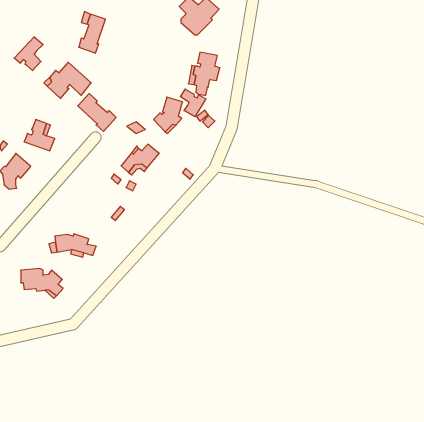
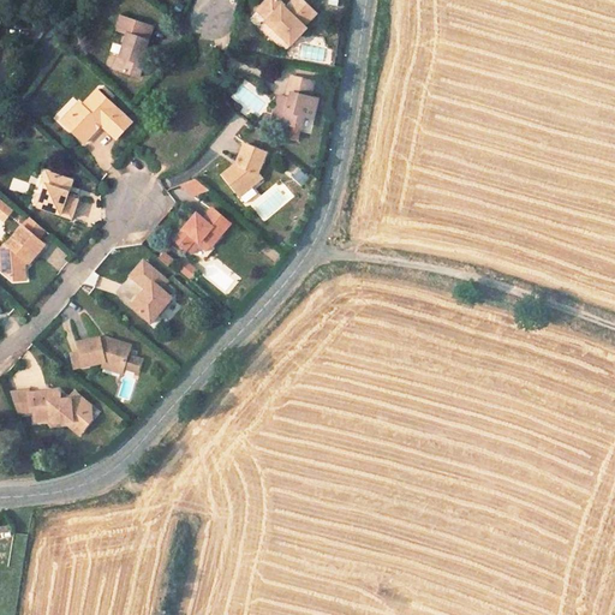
building: [14,37,43,71] -> none
building: [181,89,206,117] -> none
building: [78,94,116,131] -> none
building: none -> [131,258,171,320]

